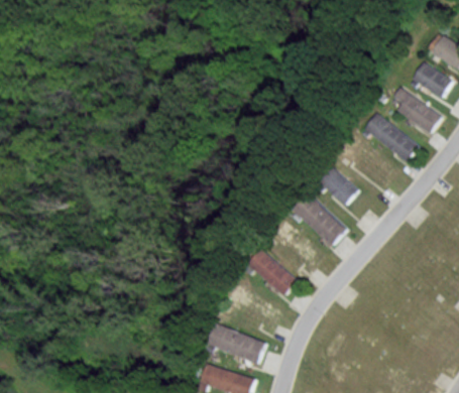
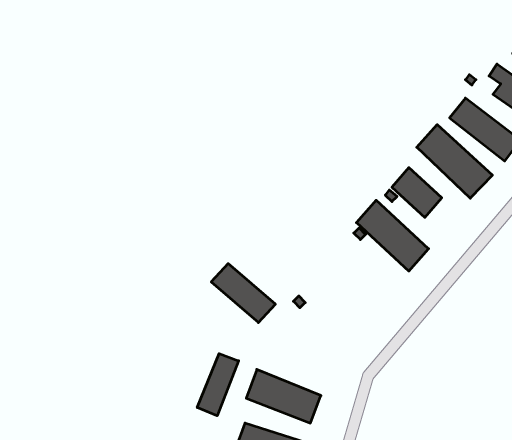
building: none -> [417,125,492,198]
building: [247,249,297,294] -> [211,264,275,323]
building: none -> [197,354,239,416]

